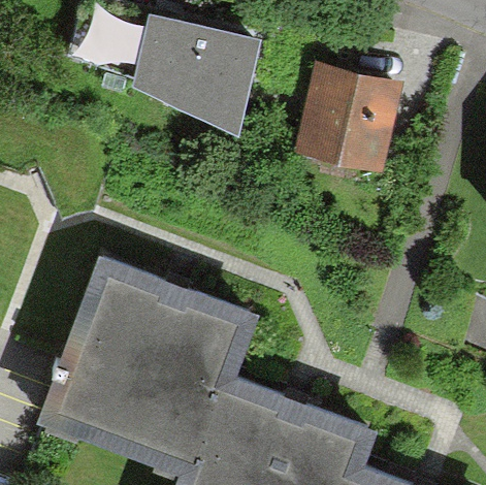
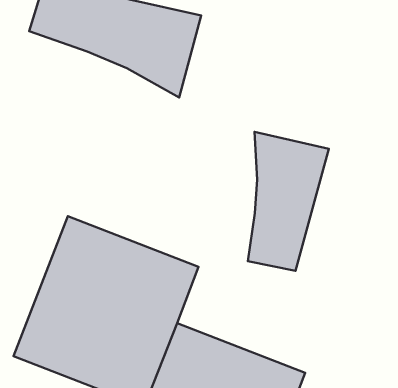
building: [304,55,410,160] -> none
building: none -> [248,132,329,271]

